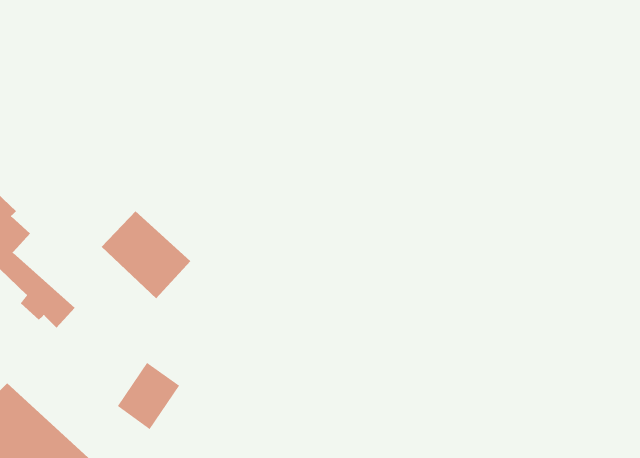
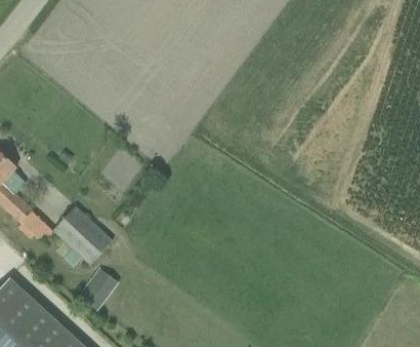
building: [101,210,191,299] -> [53,207,112,265]

